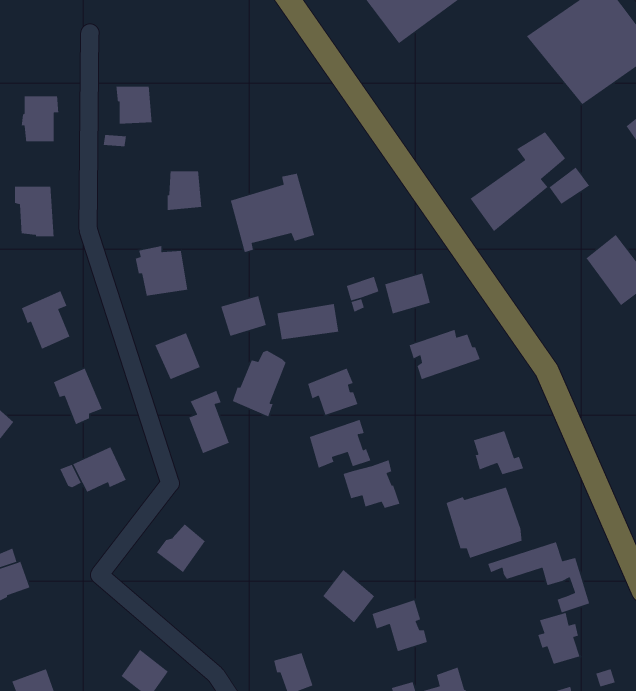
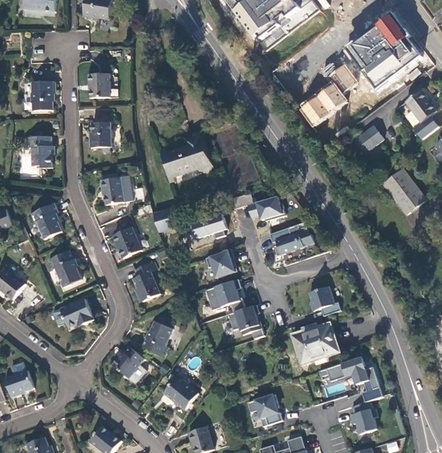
building: [470,131,566,232] -> [298,61,358,124]
building: [167,171,202,211] -> [90,122,112,147]
building: [232,350,287,418] -> [142,315,176,357]
building: [322,569,375,624] -> [164,376,197,410]

